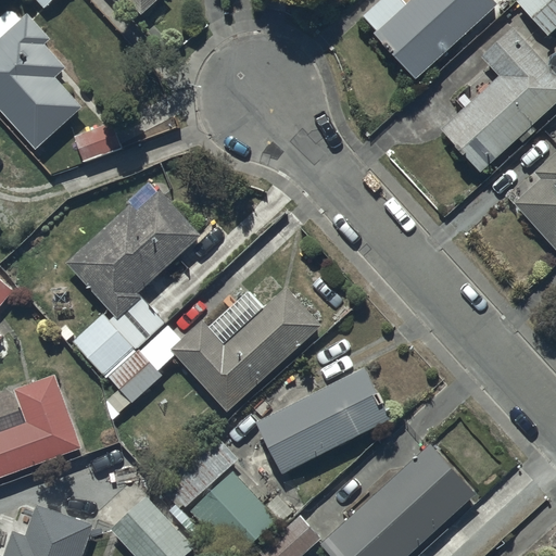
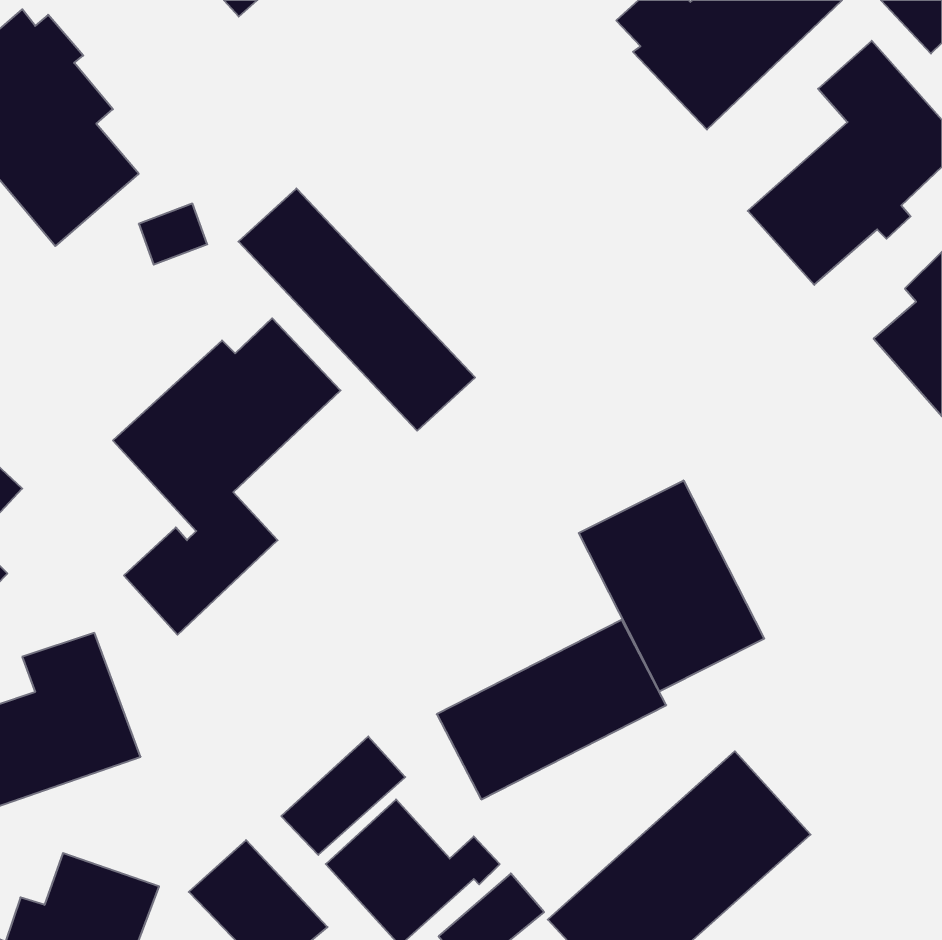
building: none -> [238,188,475,431]
building: none -> [579,480,764,691]
building: [105,287,319,420] -> none

